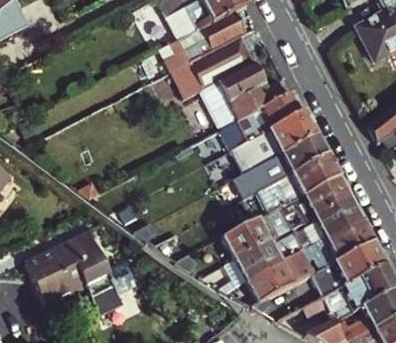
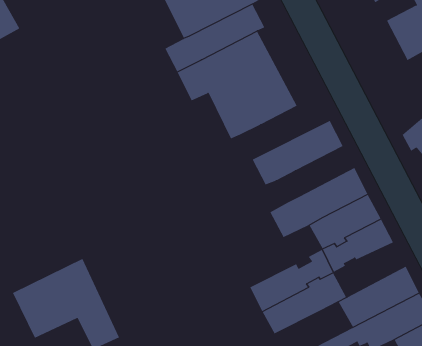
building: [218,91,307,151] -> none
building: [259,135,329,185] -> none
building: [223,206,293,261] -> none
building: [310,221,375,270] -> none

